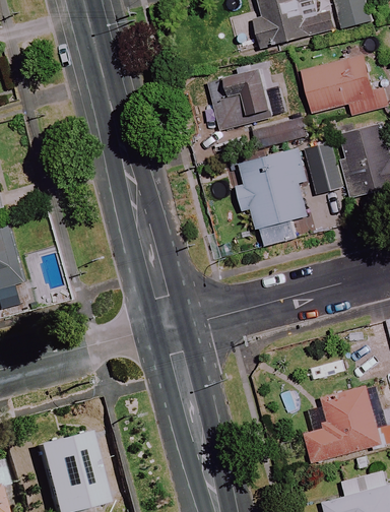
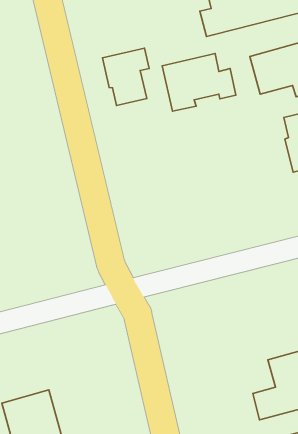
building: none -> [102,48,149,105]
building: [306,143,342,196] -> none
building: [236,148,314,248] -> none

